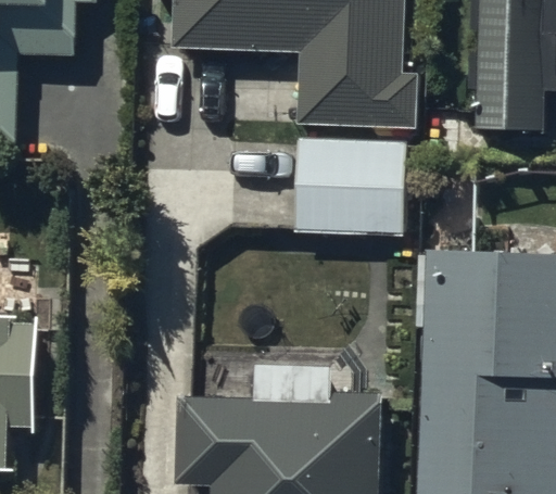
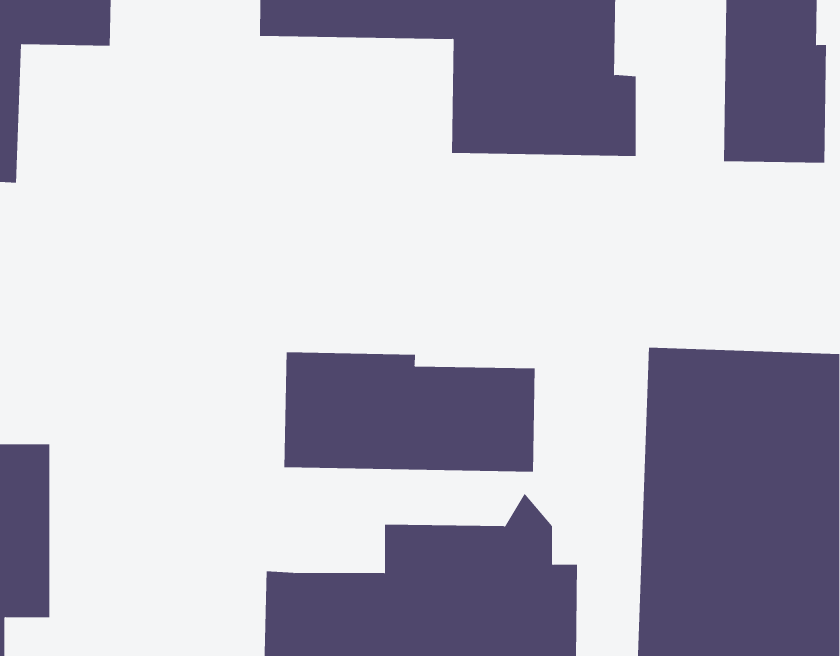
building: [294,139,406,237] -> none
building: none -> [284,352,535,473]

